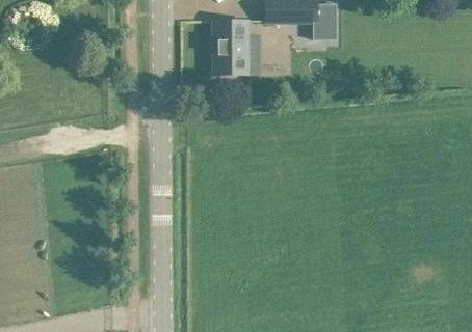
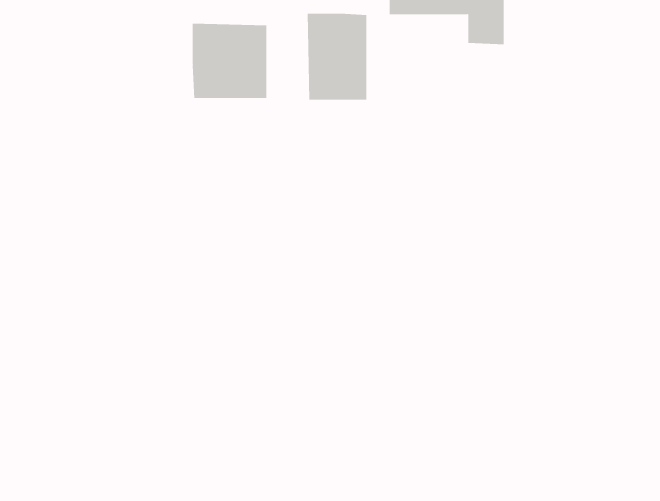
building: none -> [192,23,267,99]

